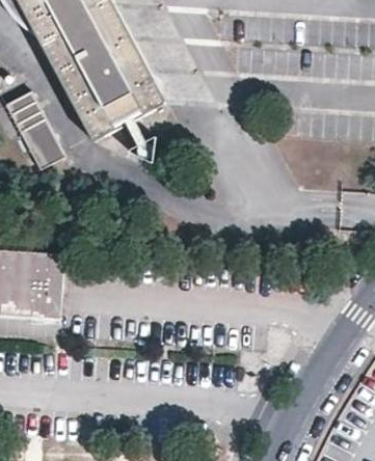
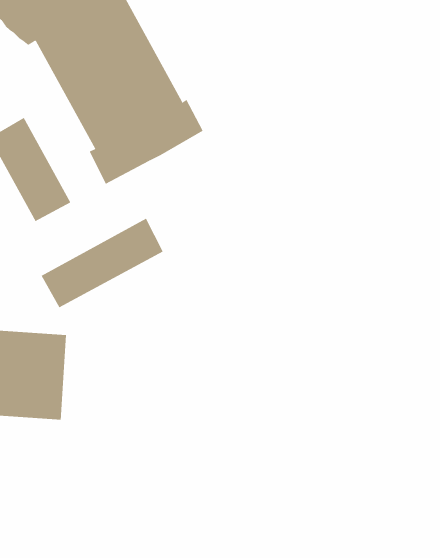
building: none -> [41,218,164,308]

